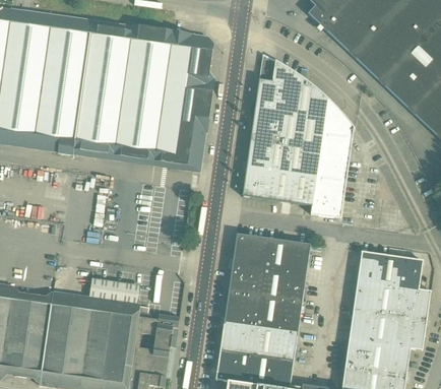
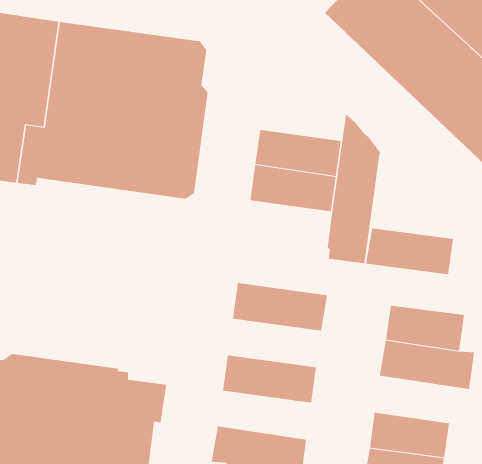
building: [255,53,325,117] -> none
building: [242,166,314,204] -> [365,228,454,275]
building: [229,262,306,302] -> none
building: [349,309,427,349] -> none
building: [220,321,298,361] -> none

